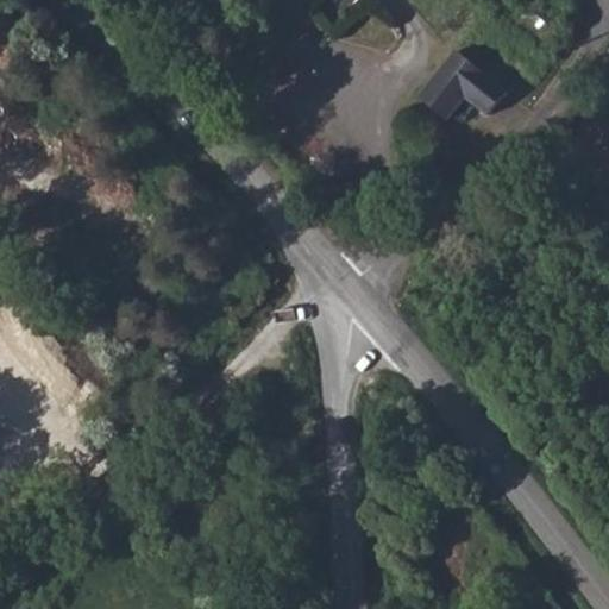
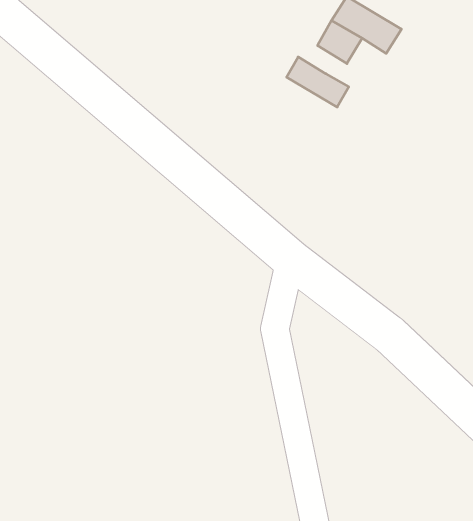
building: none -> [287,57,349,107]

